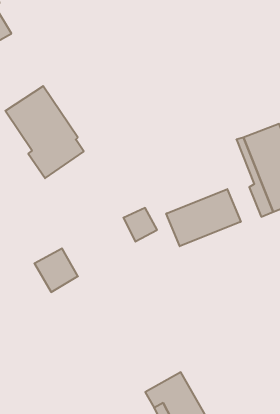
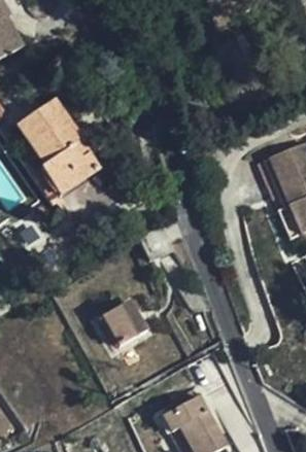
building: [166,189,241,246] -> none
building: [34,248,78,292] -> [104,301,149,346]

